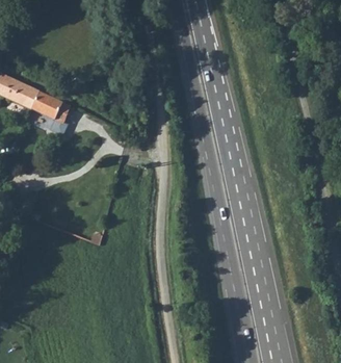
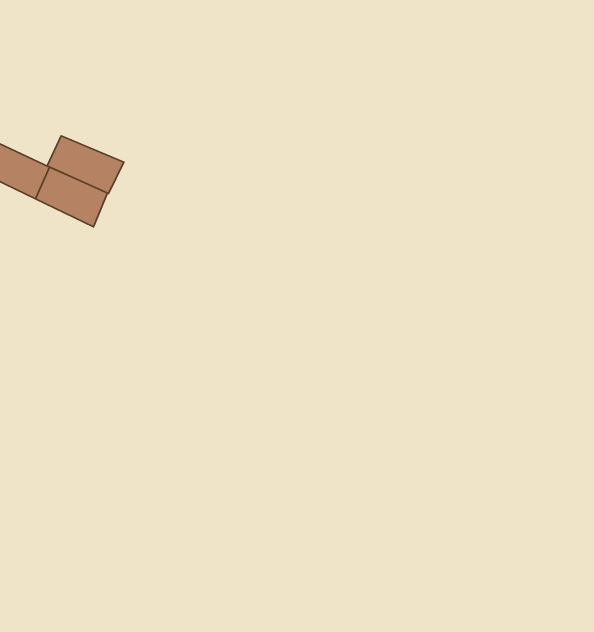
building: none -> [47,136,124,193]

